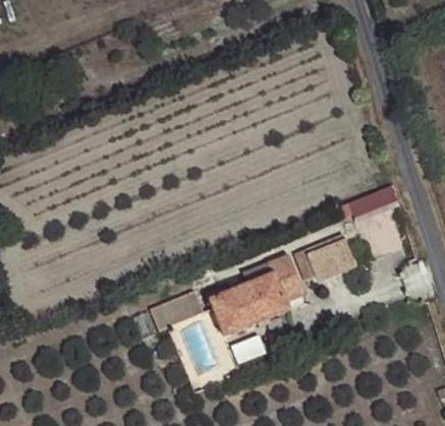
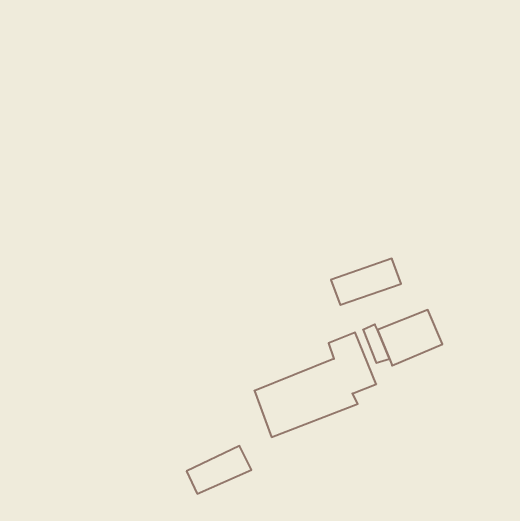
building: [346,183,400,219] -> [331,259,401,305]
building: [154,289,204,325] -> [187,446,251,494]

